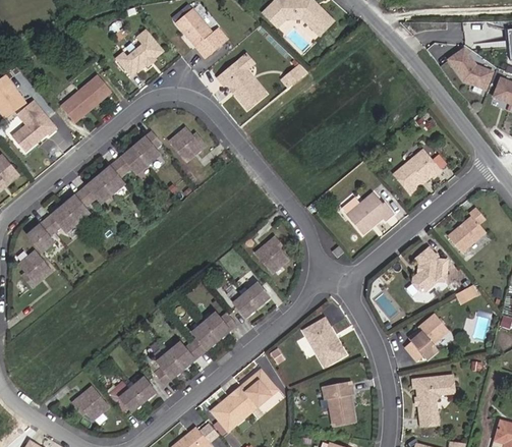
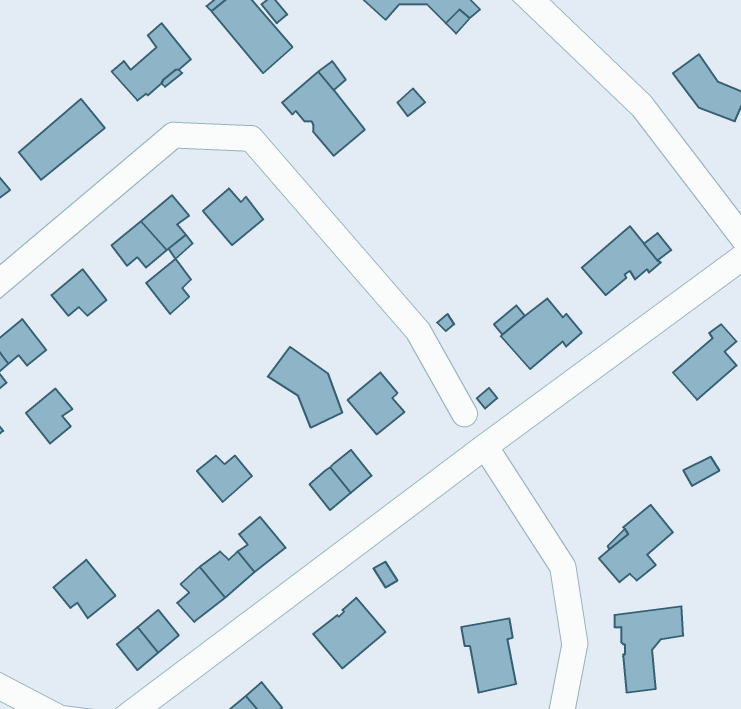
building: [98,161,124,193] -> [146,259,191,314]
building: [62,190,90,223] -> [26,389,72,444]
building: none -> [268,347,342,428]
building: [411,246,446,291] -> none
building: [203,313,235,340] -> [197,456,252,502]
building: [303,319,344,366] -> none
building: [71,386,108,421] -> [53,560,115,618]
building: [211,391,251,431] -> none

